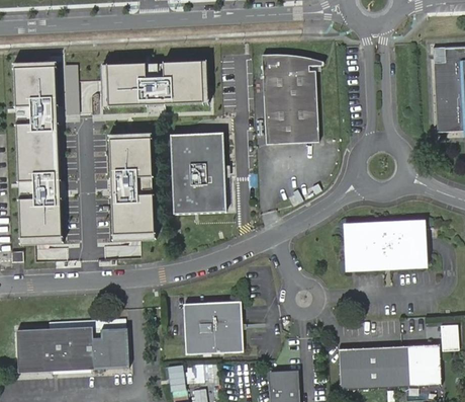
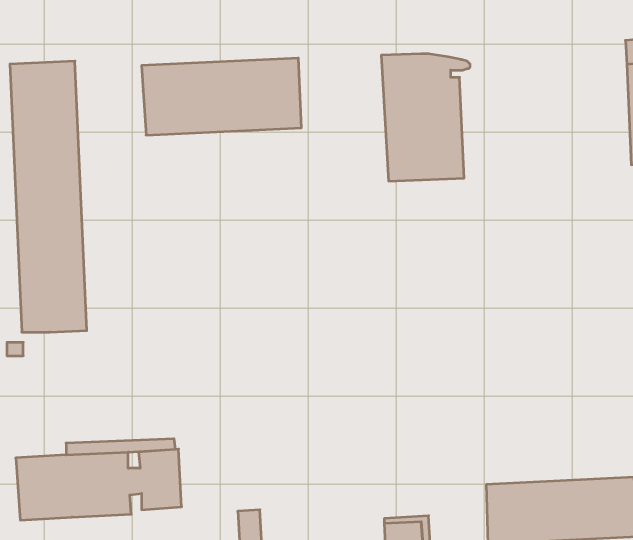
building: [172,134,227,216] -> none
building: [107,136,155,240] -> none
building: [341,222,421,271] -> none
building: [182,301,242,354] -> none

